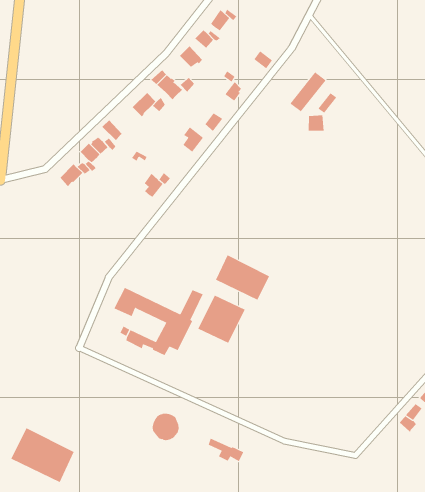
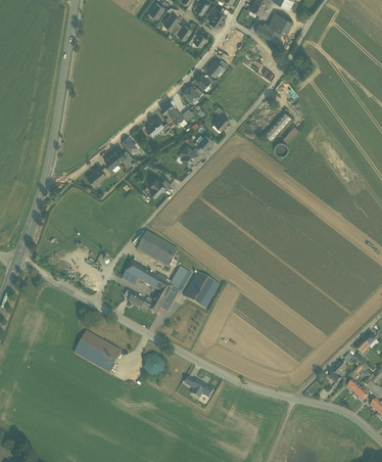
building: [215,254,270,300] -> [136,231,177,267]
building: [10,428,74,483] -> [73,329,121,372]

